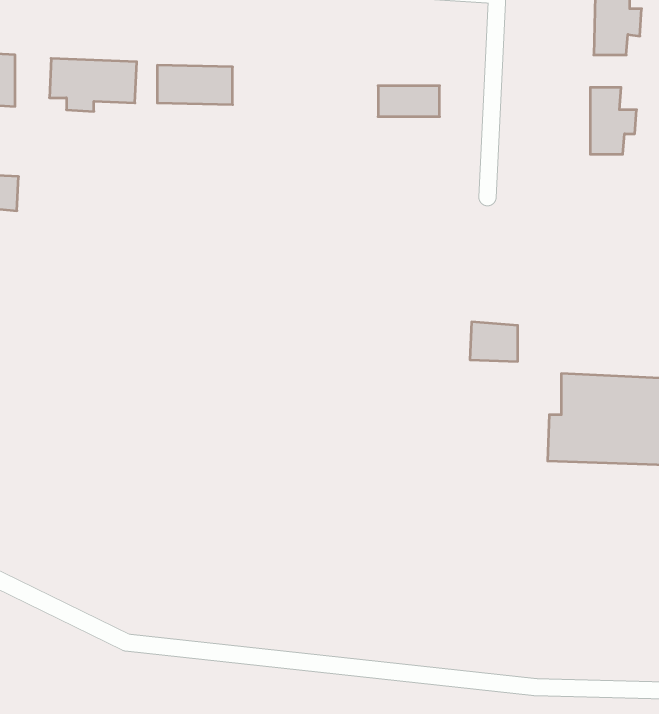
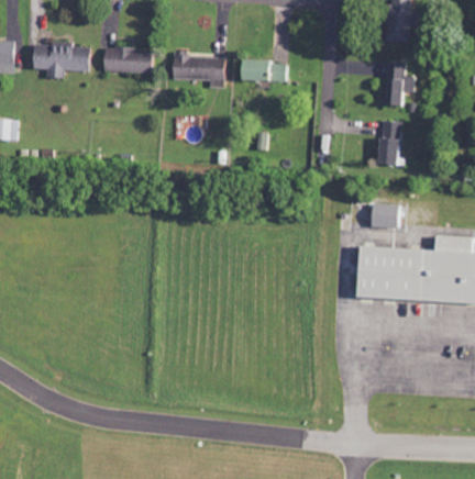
building: none -> [173,56,224,79]
building: none -> [379,121,399,164]
building: [470,322,518,361] -> [368,202,399,227]

